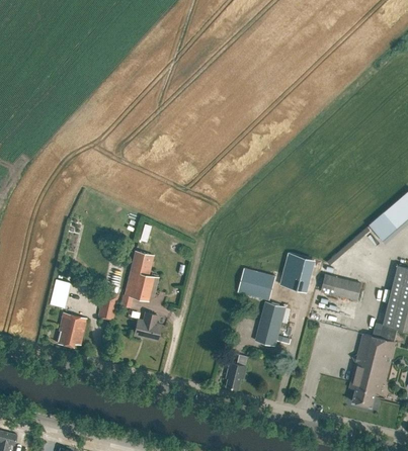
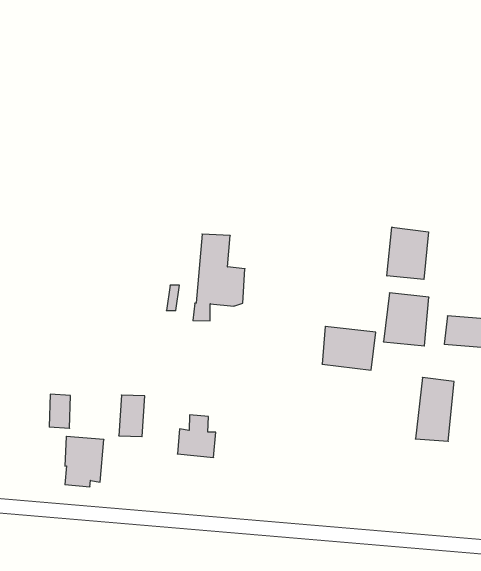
building: none -> [387,227,428,279]
building: [119,250,159,307] -> [193,234,245,321]
building: [254,300,285,345] -> [415,377,454,441]
building: [227,354,248,389] -> none

